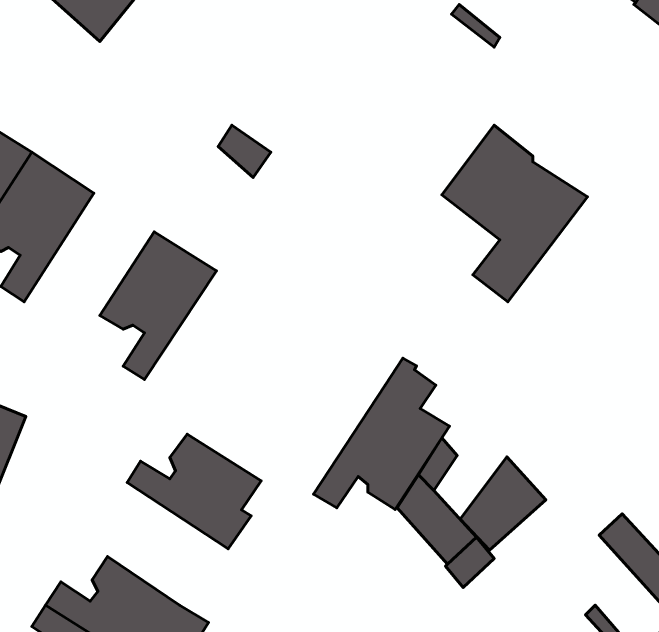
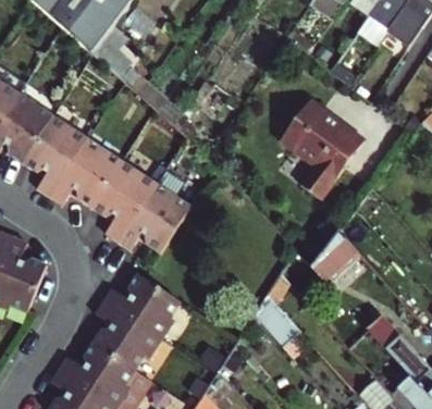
building: none -> [47,137,120,206]
building: [313,358,449,510] -> [114,165,190,250]
building: [460,457,546,550] -> [311,232,359,284]
building: none -> [94,299,161,368]

